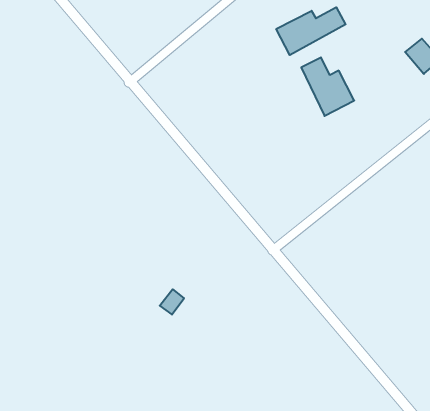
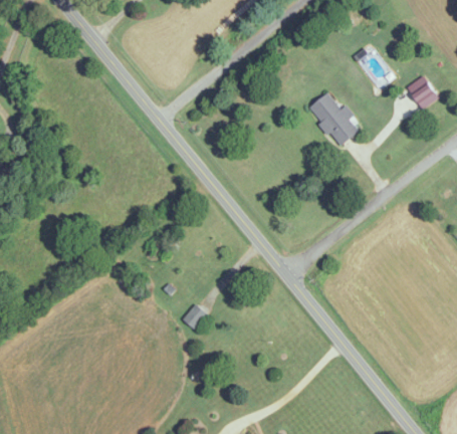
building: [276,7,346,55] -> none

